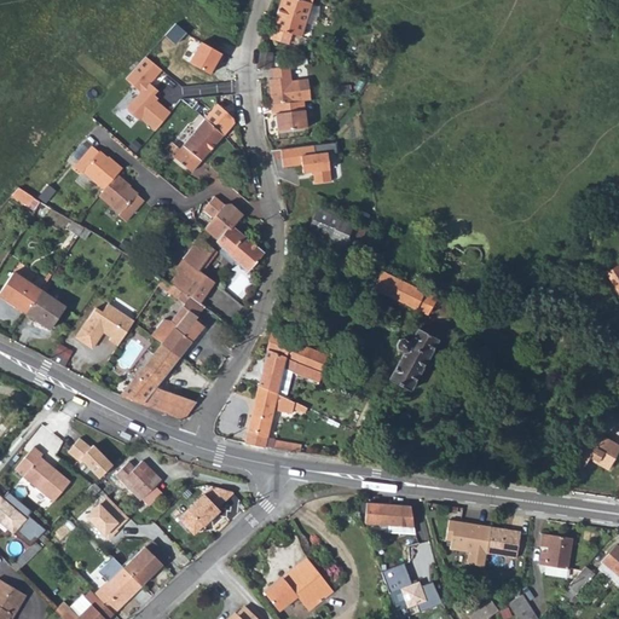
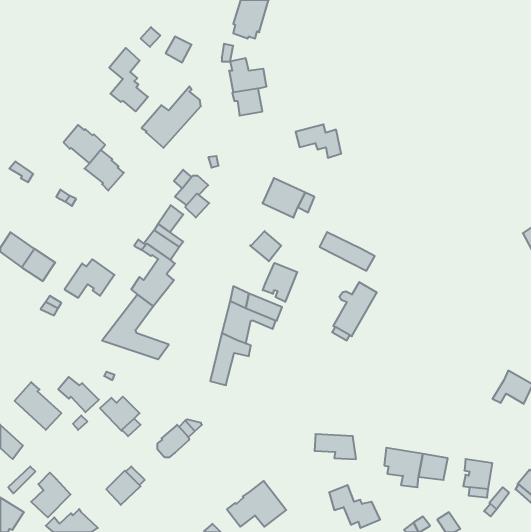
building: [280,143,334,181] -> [296,124,341,158]
building: [227,236,264,271] -> [250,231,281,261]
building: none -> [263,263,297,302]
building: [88,497,131,540] -> none
building: [96,561,141,613] -> [31,473,71,517]

